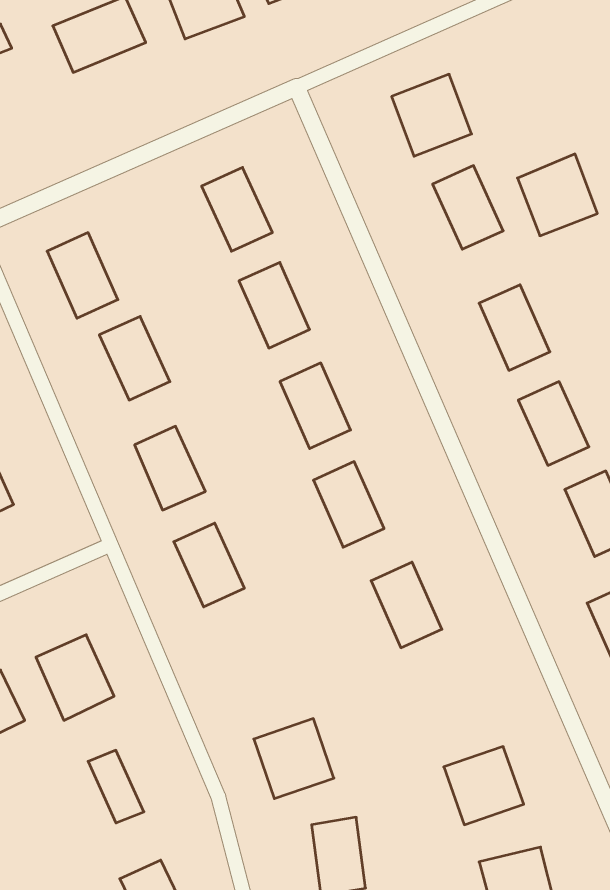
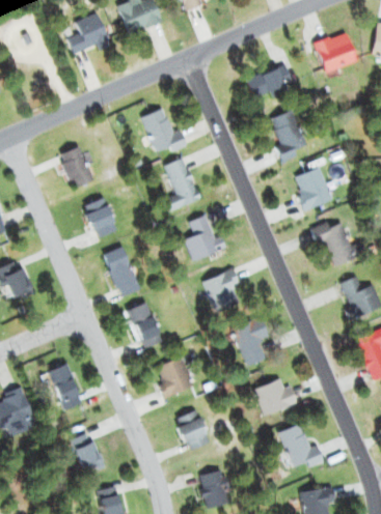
building: [517,154,597,236] -> [316,29,360,75]
building: none -> [152,353,196,398]
building: none -> [252,376,297,421]

